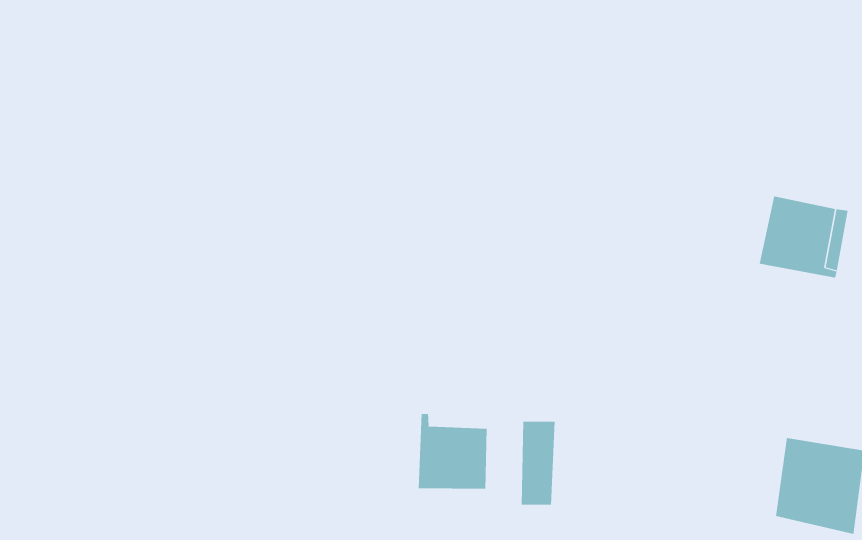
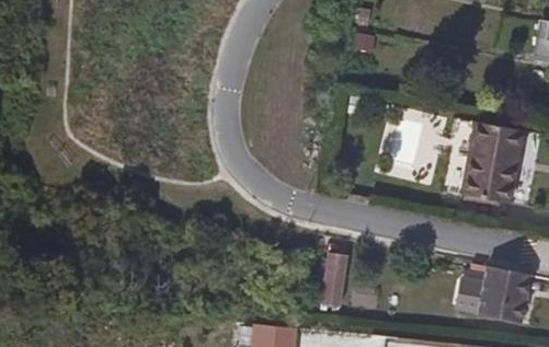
building: none -> [460,162,513,201]
building: [418,413,487,490] -> none

